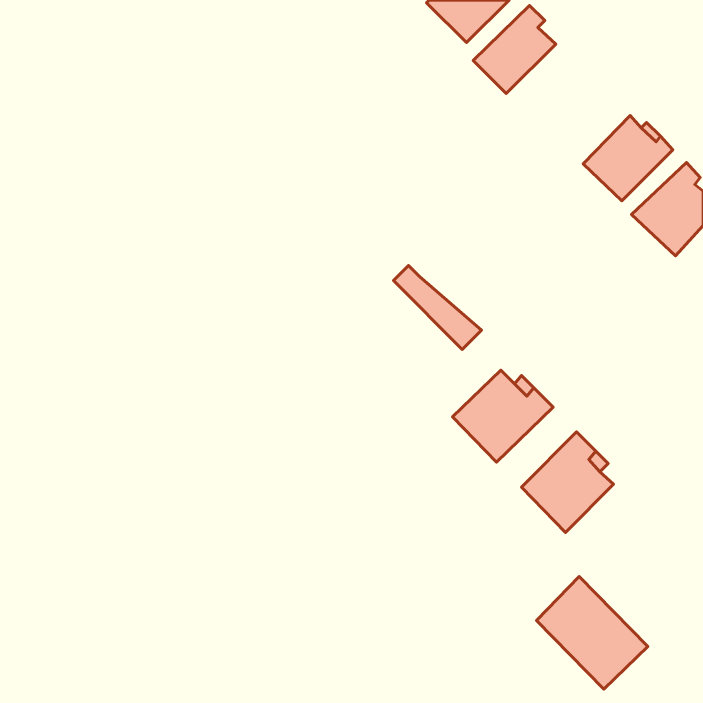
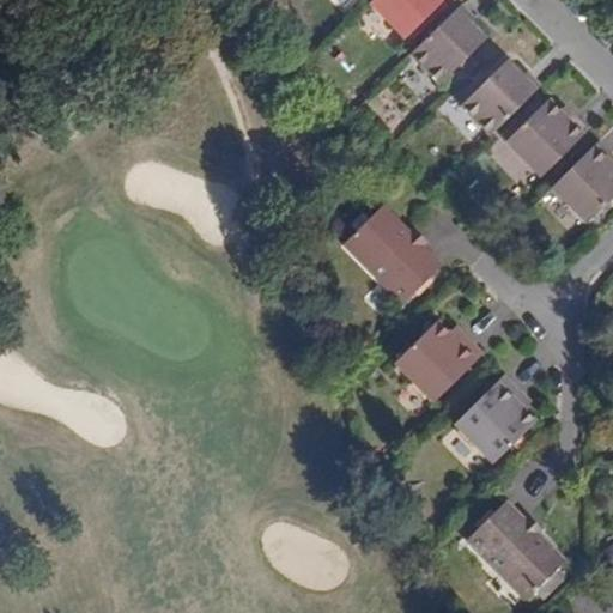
building: none -> [462,61,541,135]
building: none -> [356,206,441,287]

